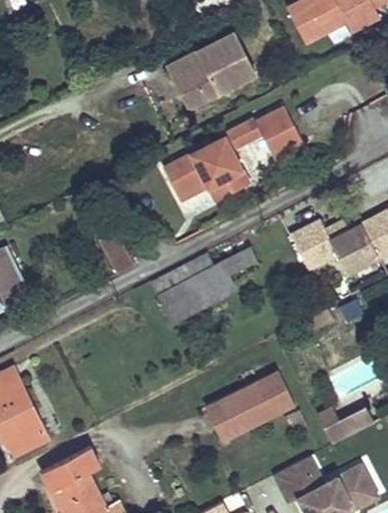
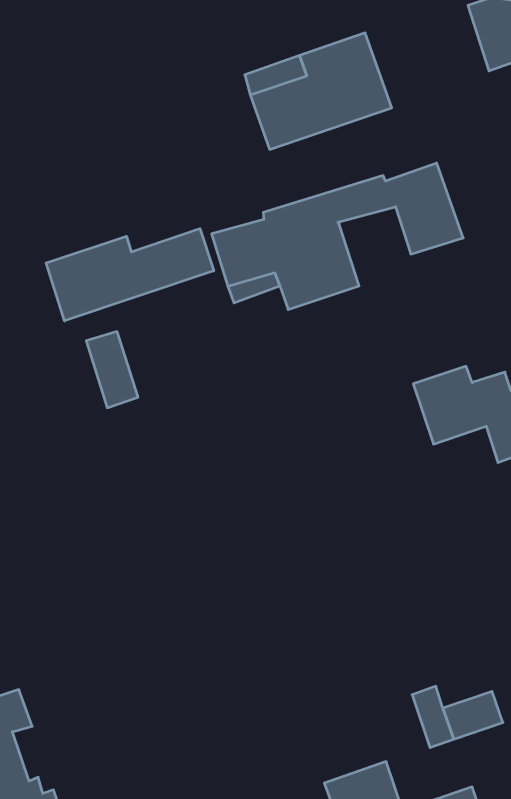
building: none -> [46,229,214,321]
building: [151,249,252,323] -> none
building: [203,370,294,442] -> none

